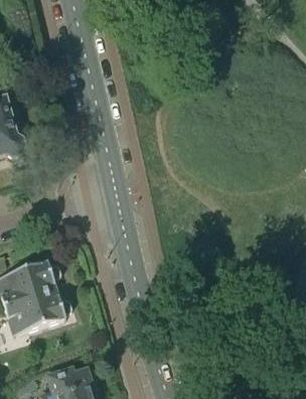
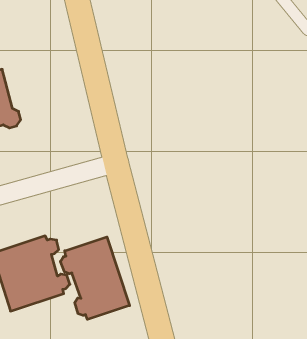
building: none -> [60,237,130,319]

